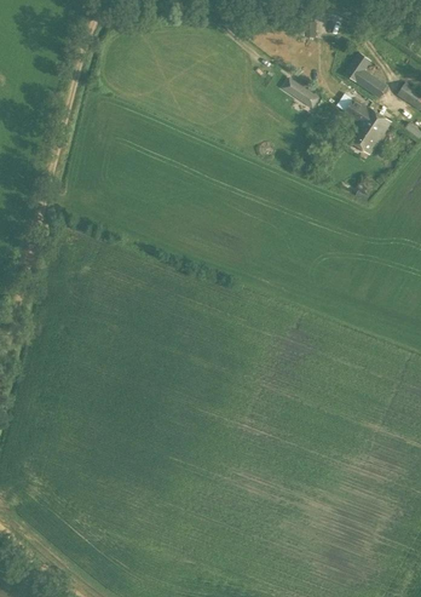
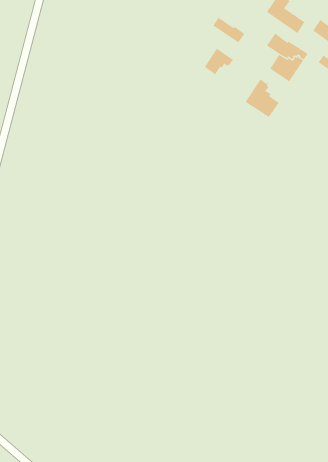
building: none -> [204,48,234,75]
building: none -> [245,79,280,118]

